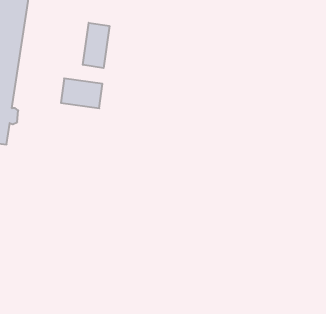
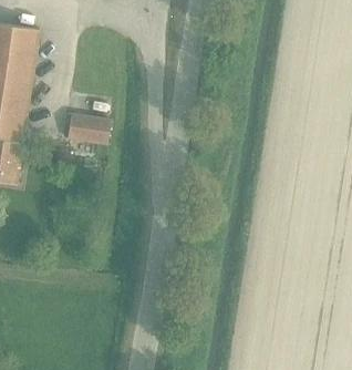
building: [83,23,109,68] -> none

